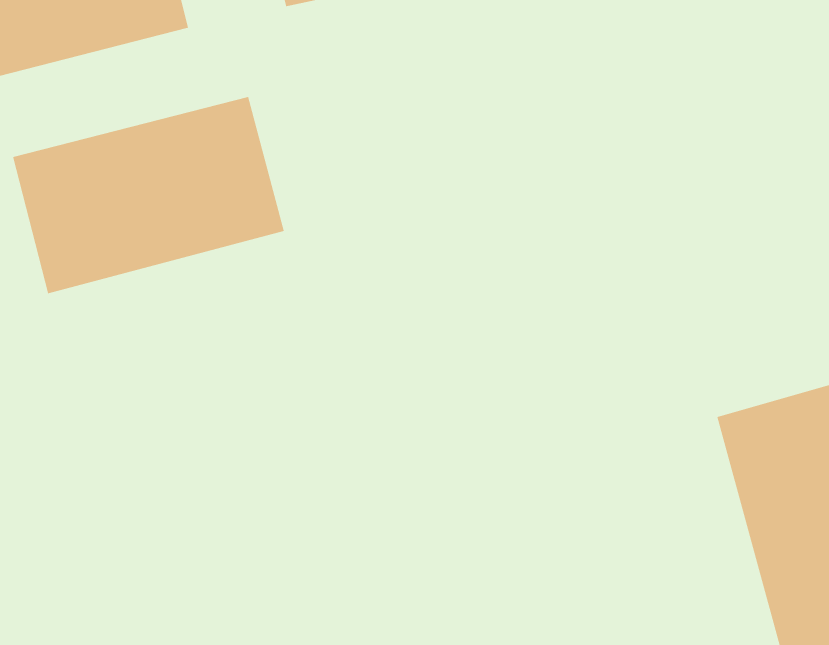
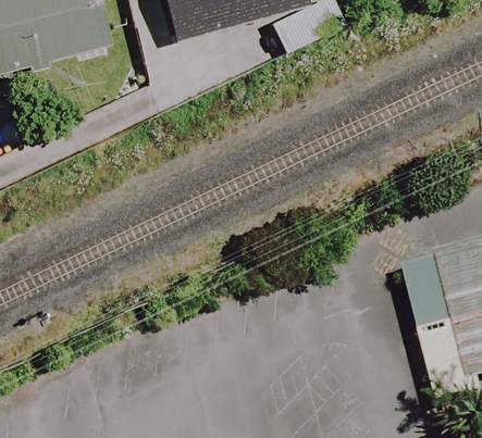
building: [13,96,284,294] -> none

